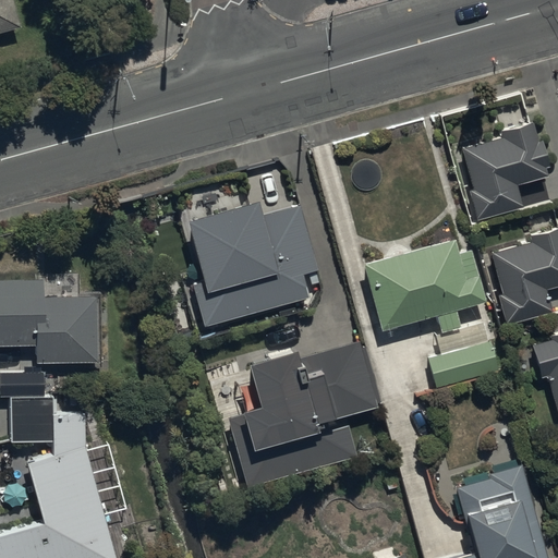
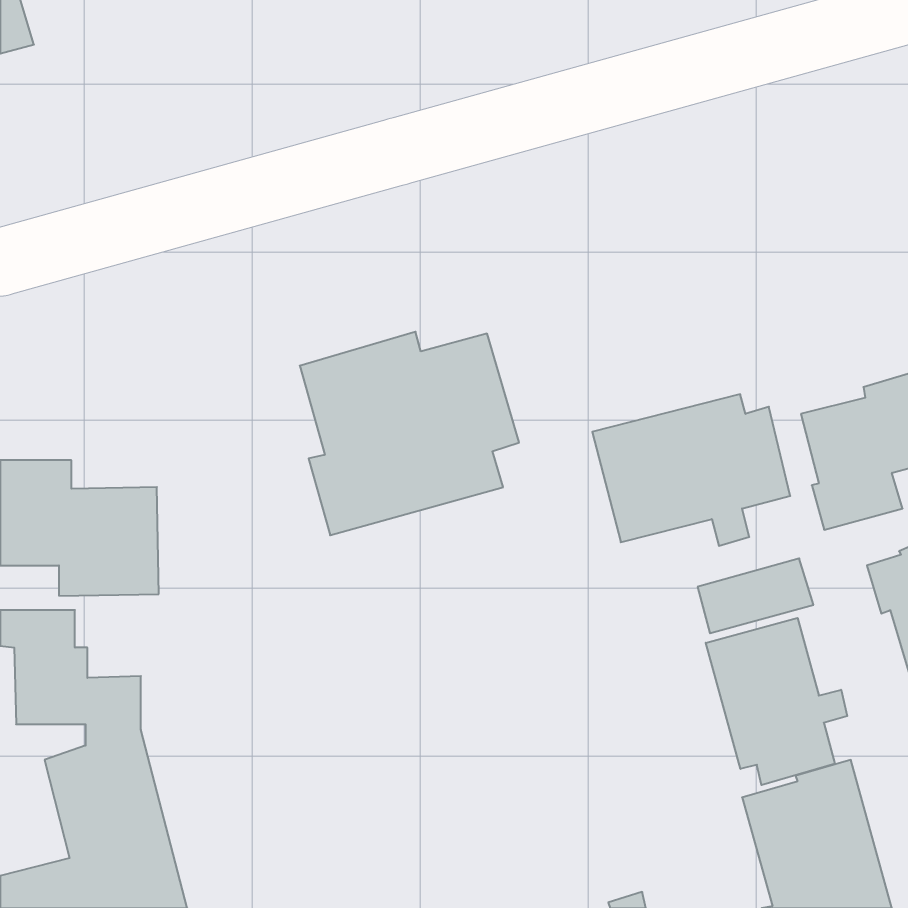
building: [461,124,550,219] -> none
building: [228,342,378,487] -> none
building: none -> [706,618,847,785]

